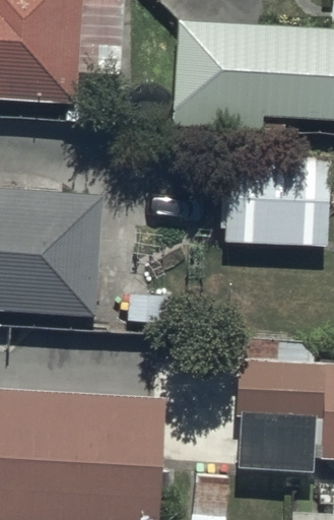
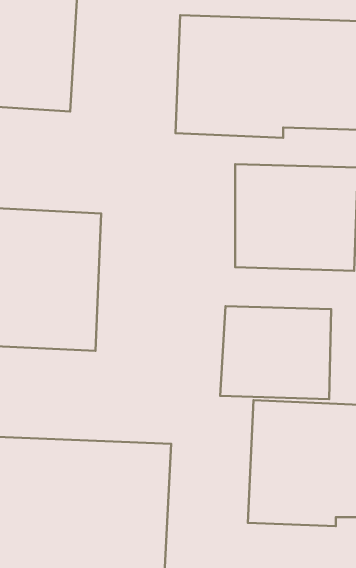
building: none -> [220,306,331,399]

